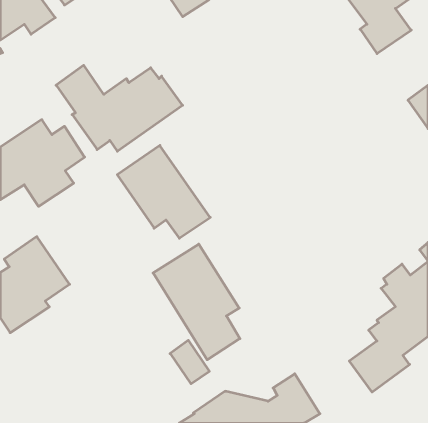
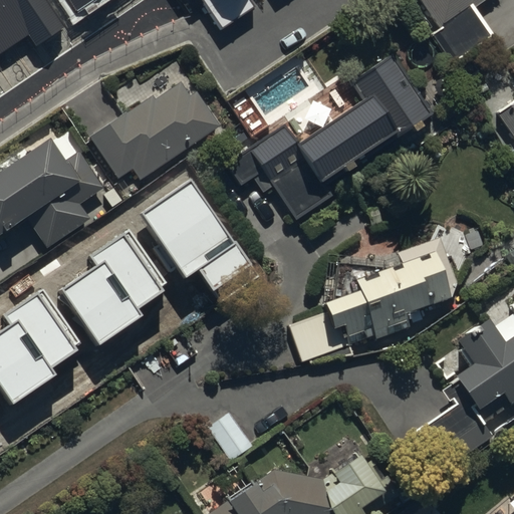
building: none -> [223,57,428,221]
building: none -> [61,225,170,340]
building: none -> [284,240,456,365]
building: [153,244,240,360] -> none

